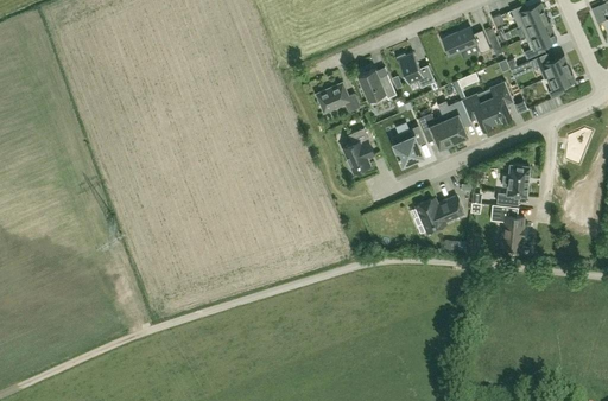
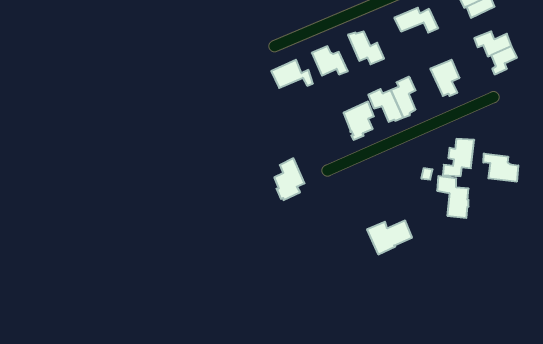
building: [522,26,556,58] -> none
building: [461,91,495,128] -> none
building: [342,128,374,172] -> [274,158,305,200]
building: none -> [483,153,518,182]
building: [414,196,462,231] -> [367,221,412,254]

